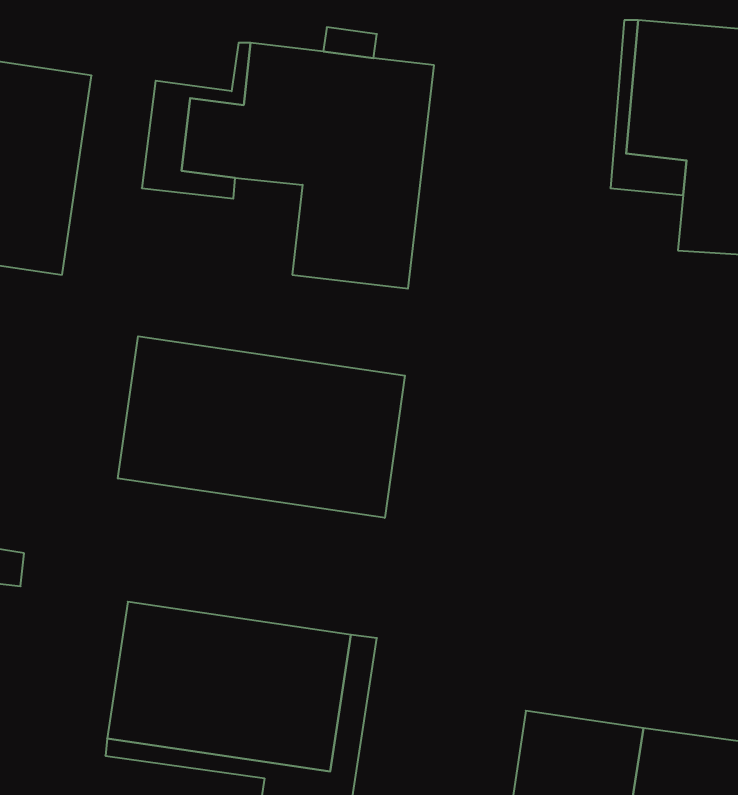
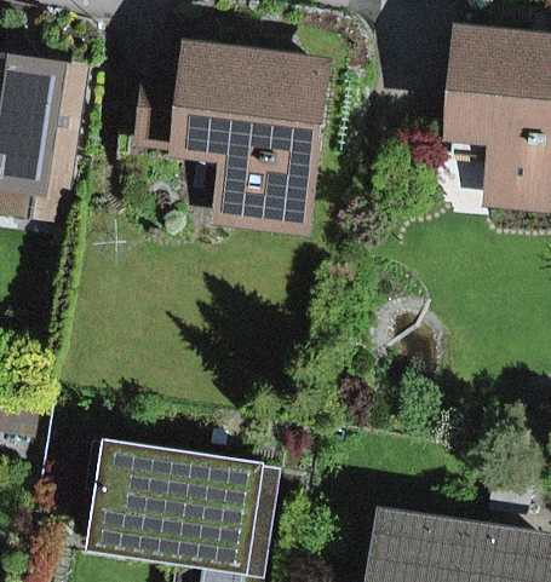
building: [118,336,405,518] -> none

